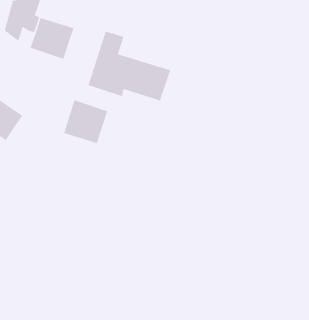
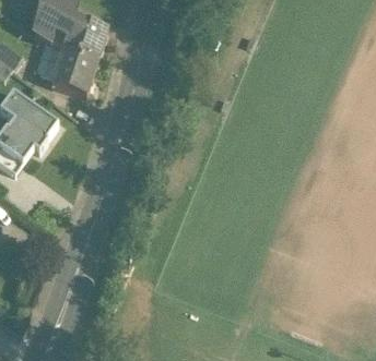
building: [88,30,171,102] -> none
building: [63,99,108,144] -> [50,51,96,97]

